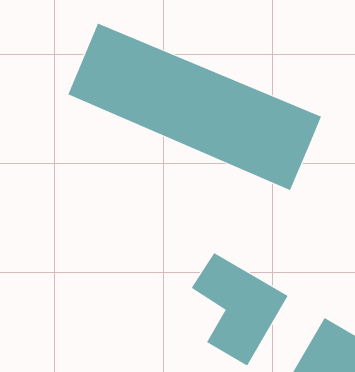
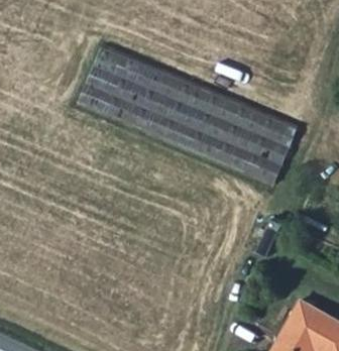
building: [191,252,289,367] -> none

